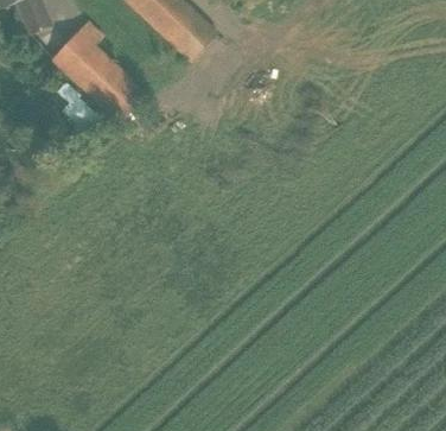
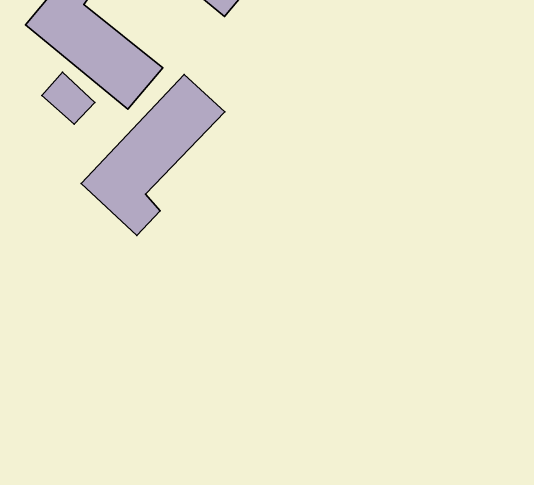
building: none -> [81,75,225,236]

